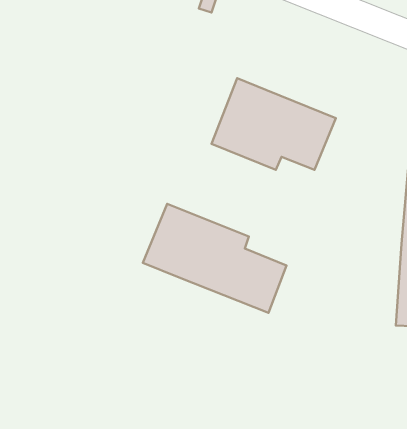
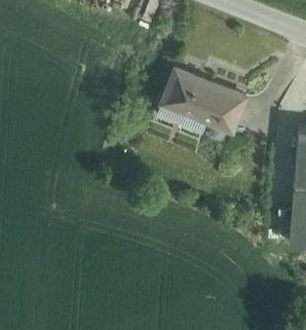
building: [143,204,286,313] -> none

